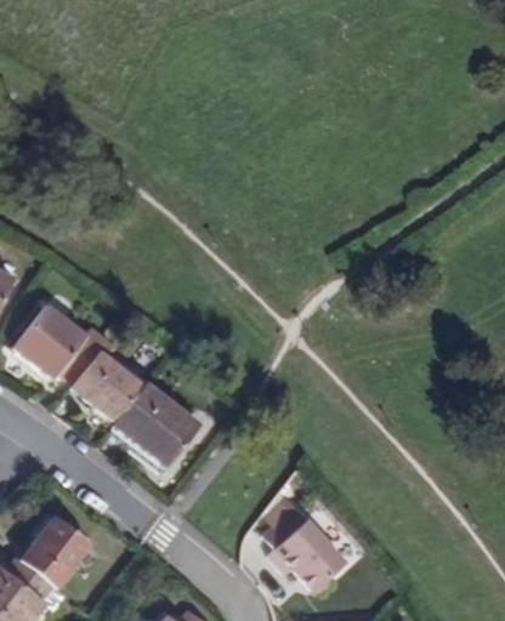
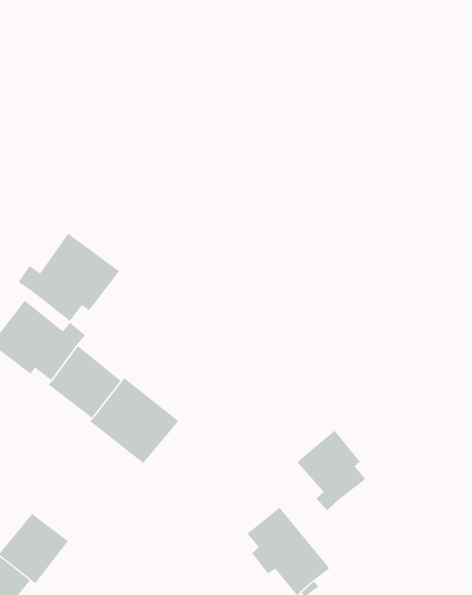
building: none -> [18,233,120,322]
building: none -> [297,430,366,511]

